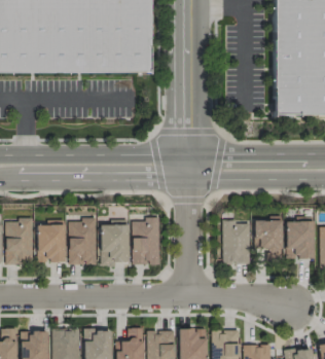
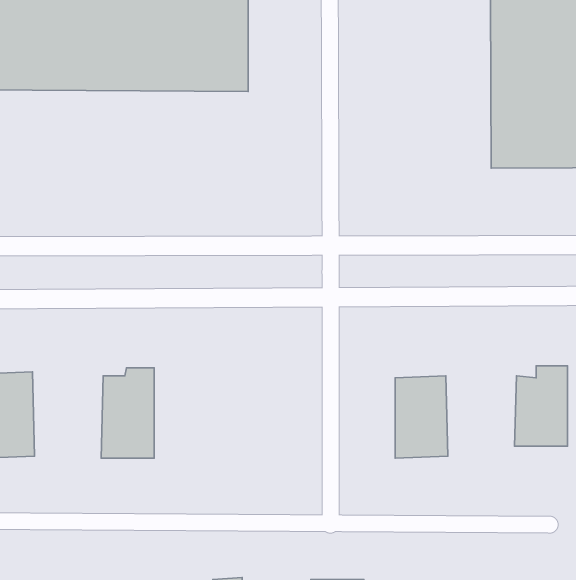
building: [134,217,162,264] -> none
building: [102,219,130,263] -> none
building: [255,220,284,260] -> none
building: [38,222,67,262] -> none

